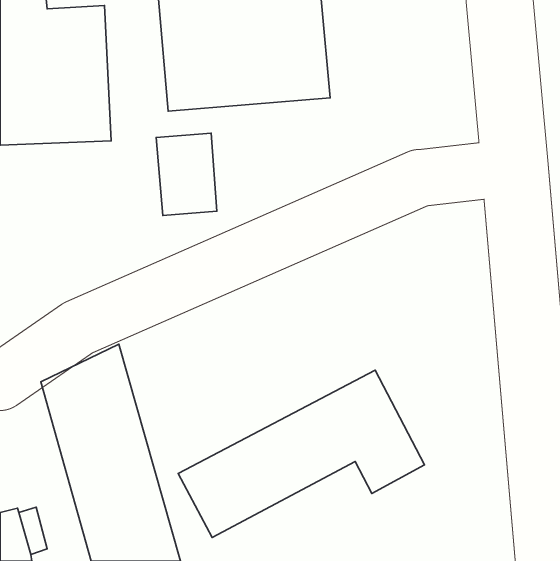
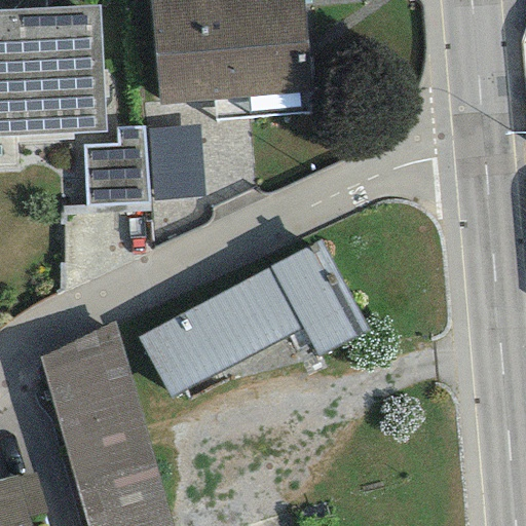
building: none -> [83,126,148,206]
building: [178,370,425,537] -> [138,240,368,397]

